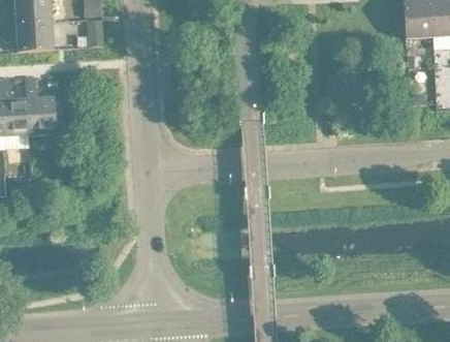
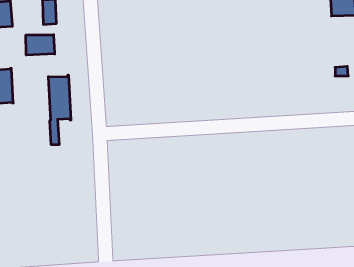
building: none -> [26,35,55,55]
building: none -> [48,75,71,145]

